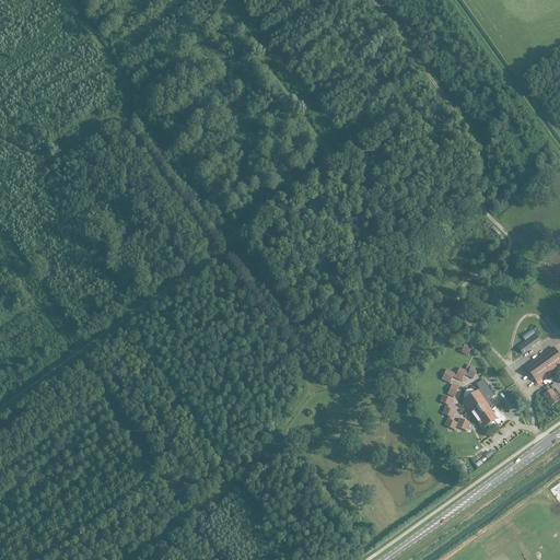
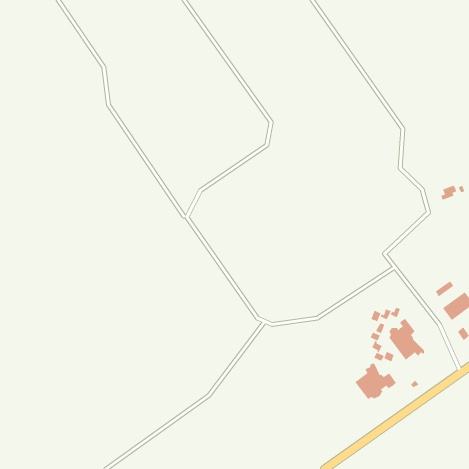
building: none -> [354,363,397,400]

